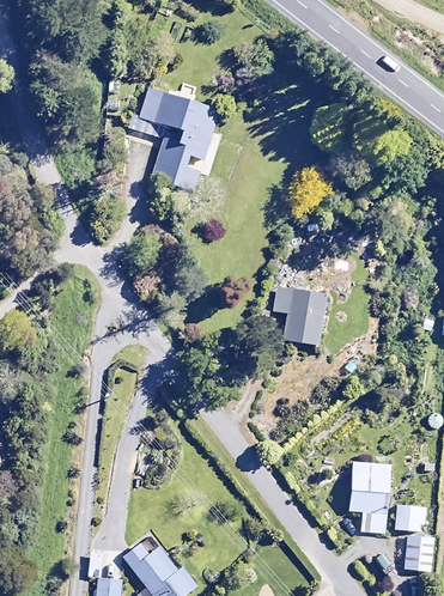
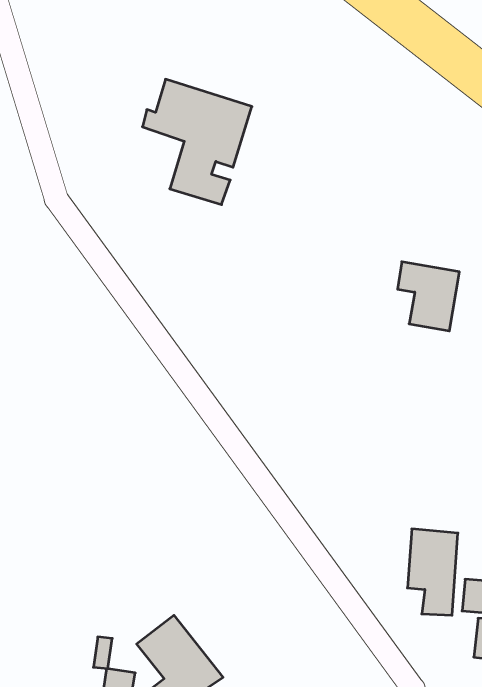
building: [273,287,324,345] -> [398,262,459,331]

